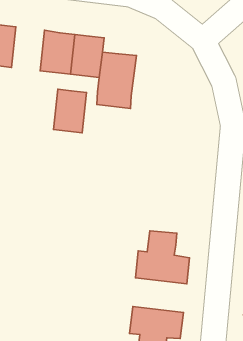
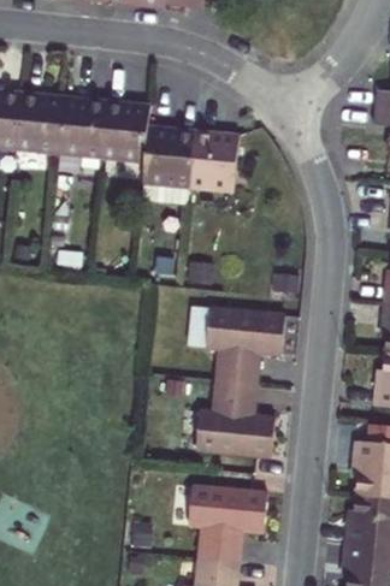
building: none -> [189,129,241,191]
building: [54,89,86,133] -> [18,88,65,150]
building: none -> [206,306,283,383]

